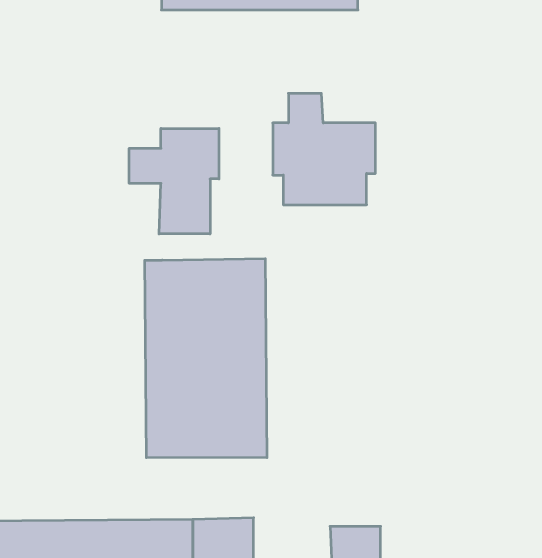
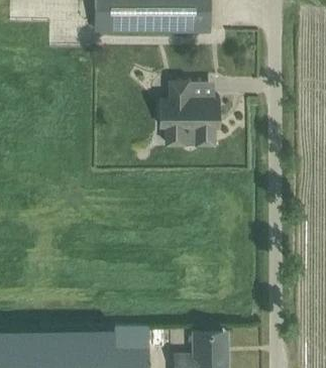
building: [129,128,219,234] -> none
building: [145,259,267,458] -> none

